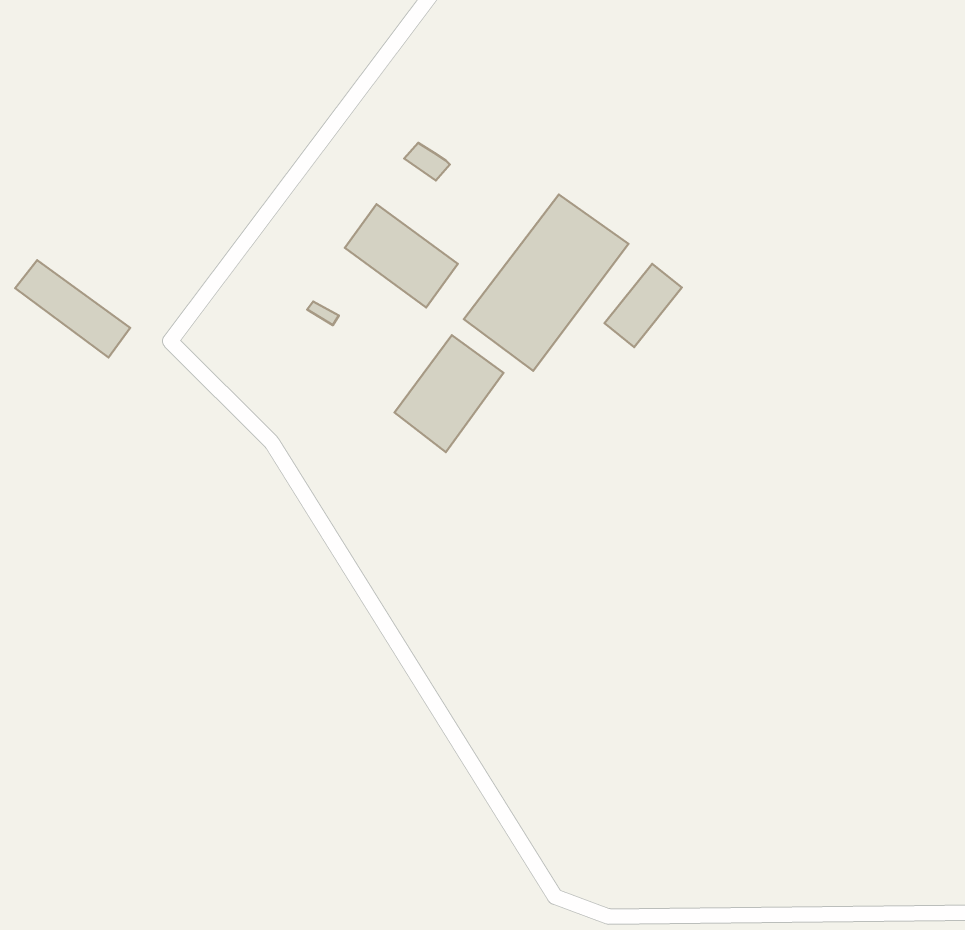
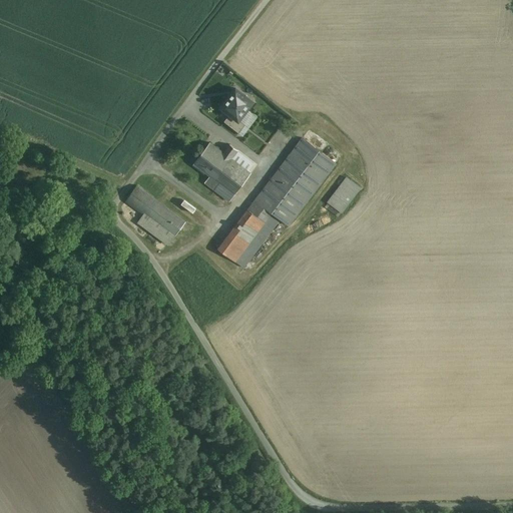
building: none -> [220,87,252,117]
building: [15,260,130,357] -> [126,187,184,236]

